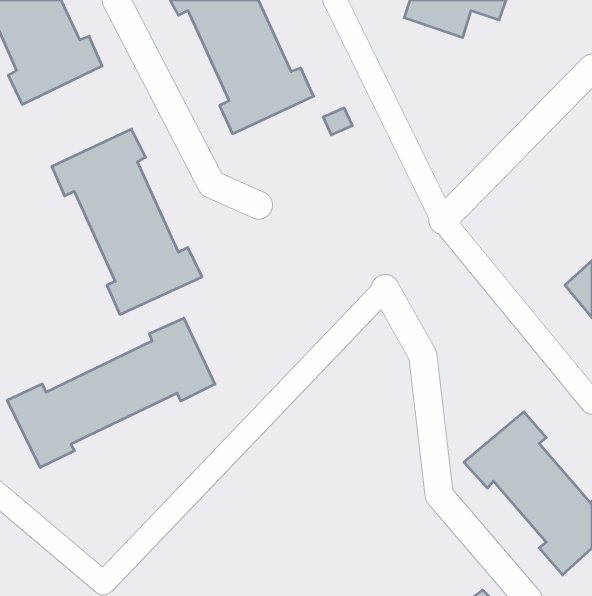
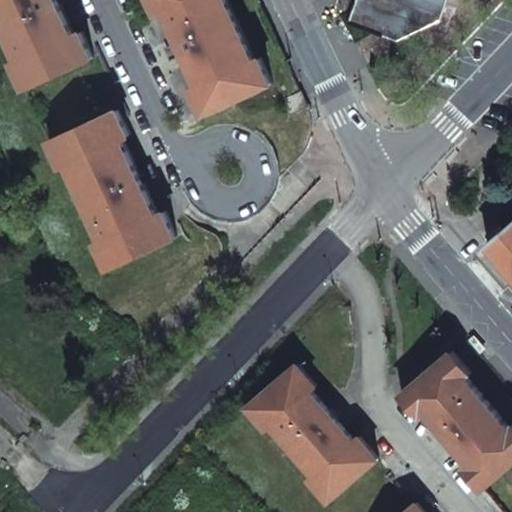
building: [7,318,215,468] -> none
building: none -> [243,367,372,503]

